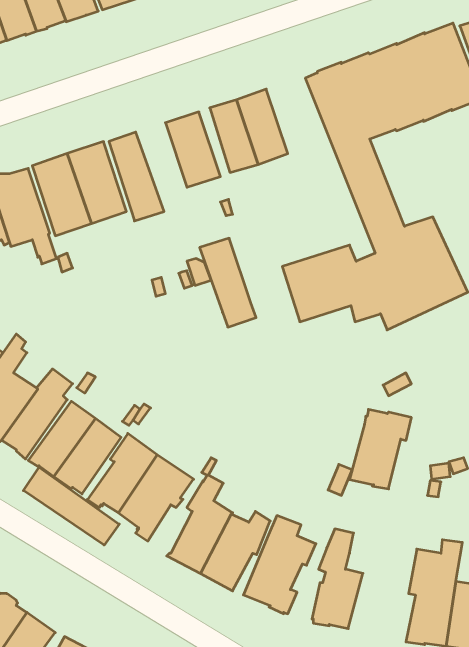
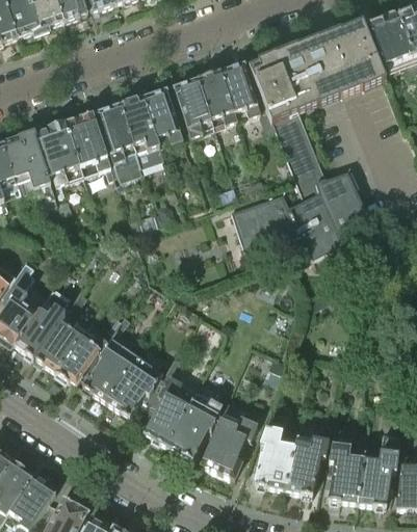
building: none -> [217,63,259,122]
building: [200,238,256,327] -> [116,98,160,166]
building: [350,409,411,489] -> [281,434,329,496]
building: [23,467,119,545] -> none

